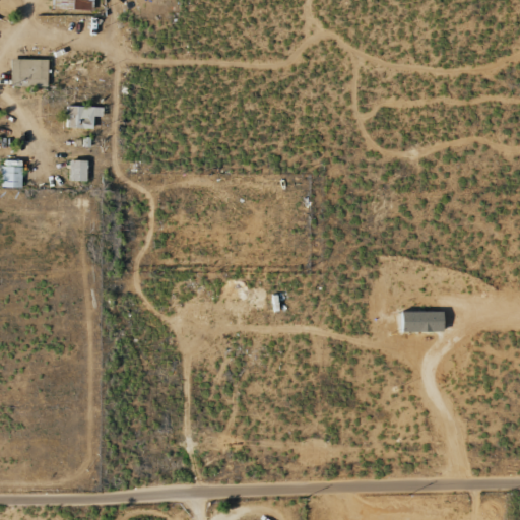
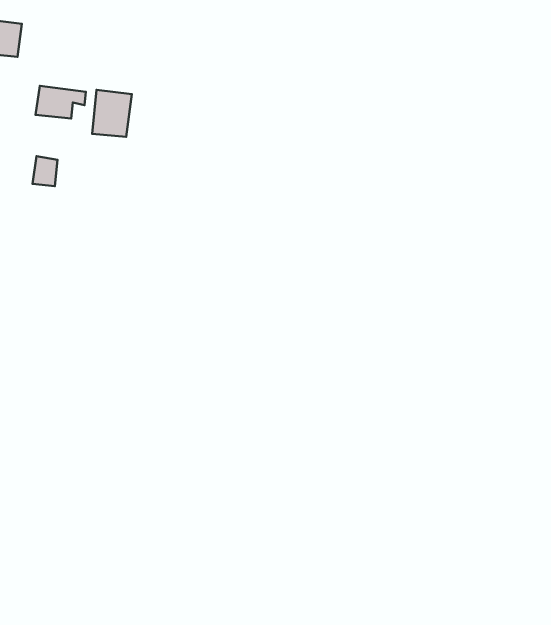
building: none -> [92,90,132,137]
building: [401,310,443,331] -> none

